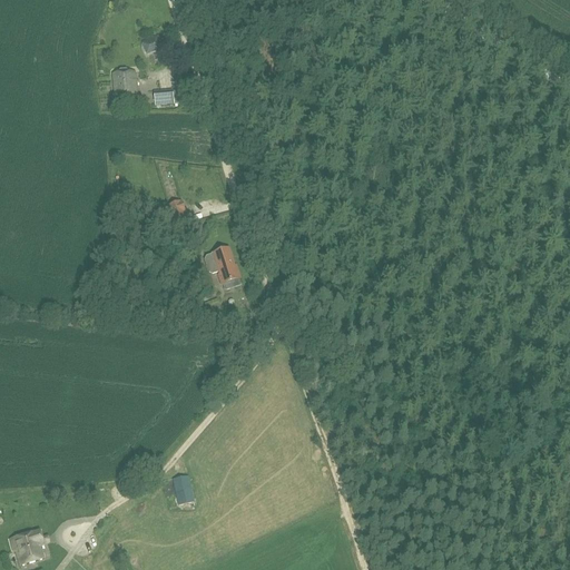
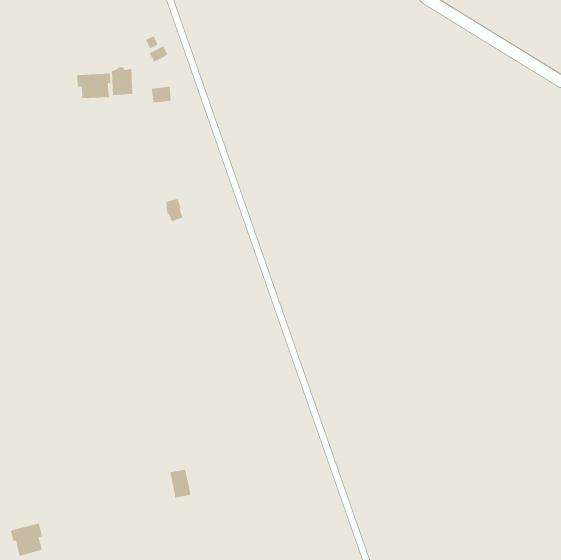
building: none -> [76,73,111,99]
building: [205,247,239,283] -> none

